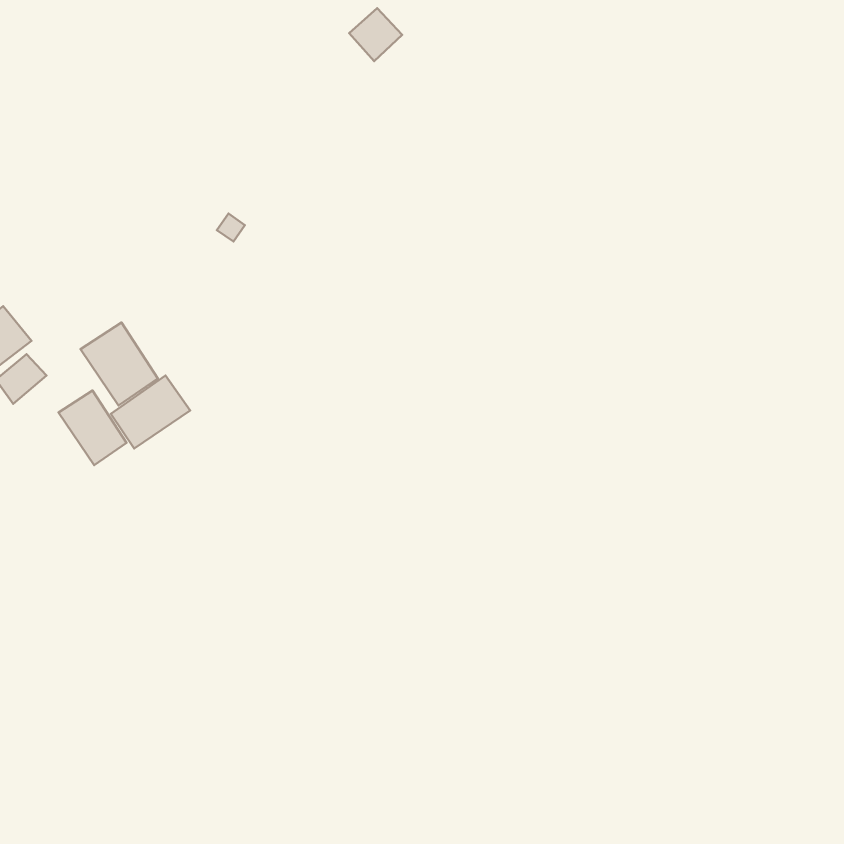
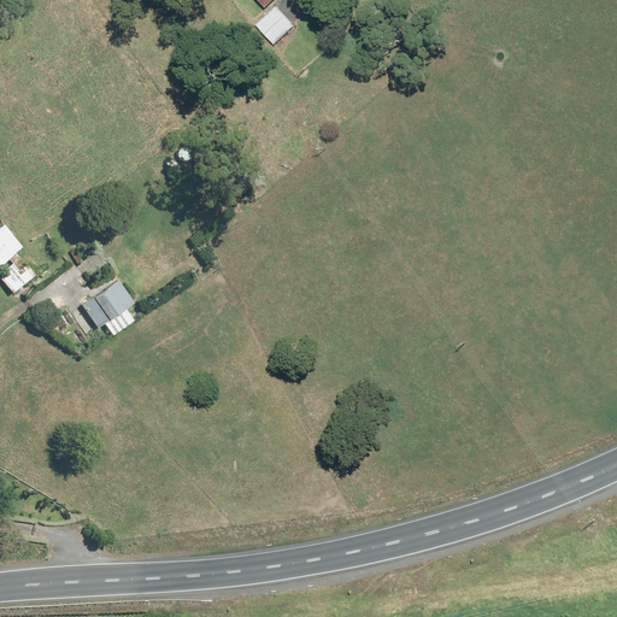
building: [80,323,158,405] -> none
building: [58,391,127,465] -> none

